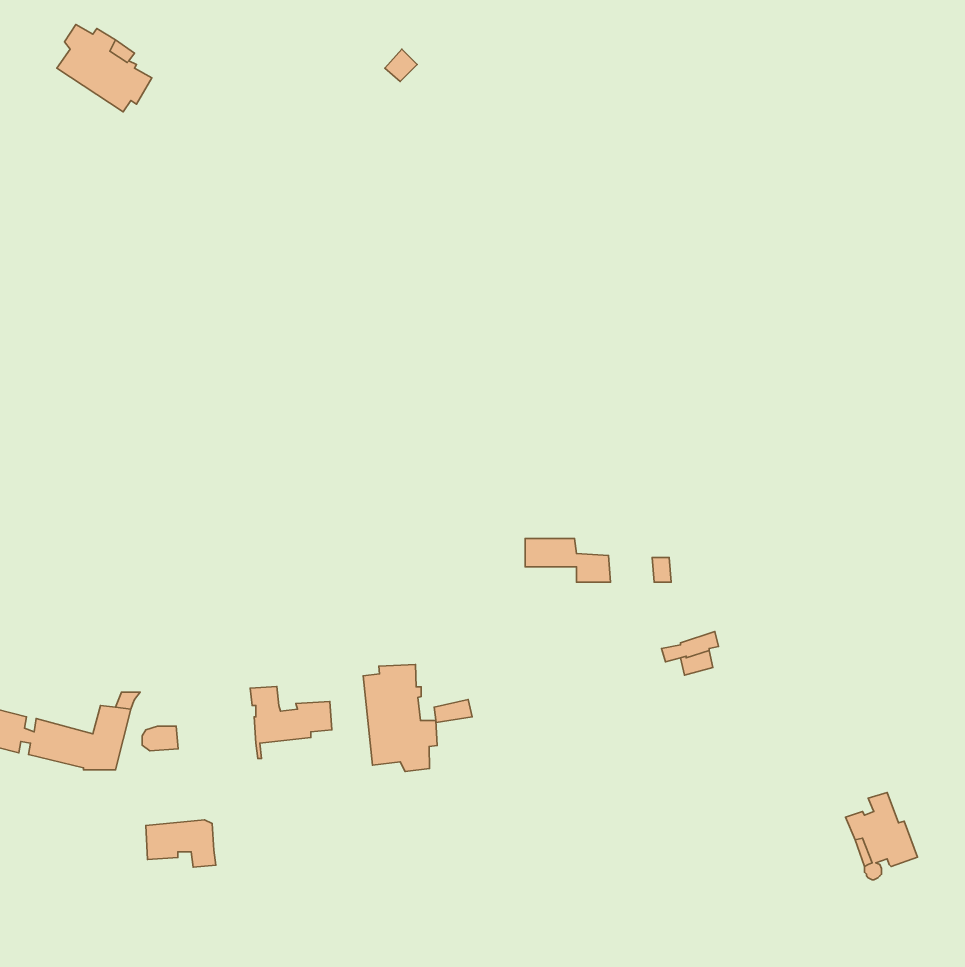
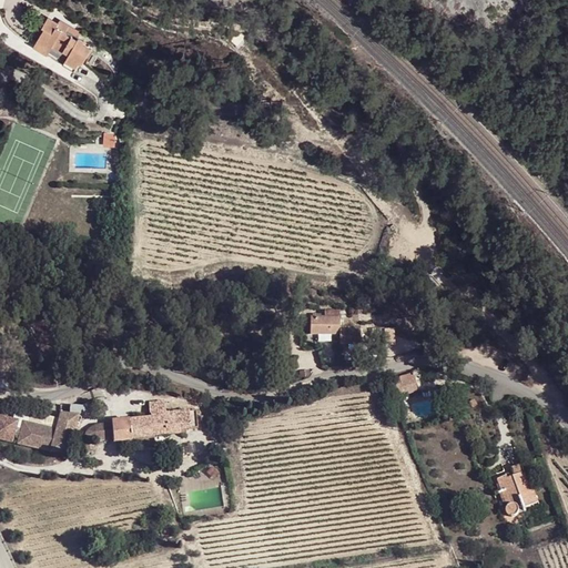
building: [363,665,437,771] -> none
building: [146,820,216,867] -> [110,417,151,445]

